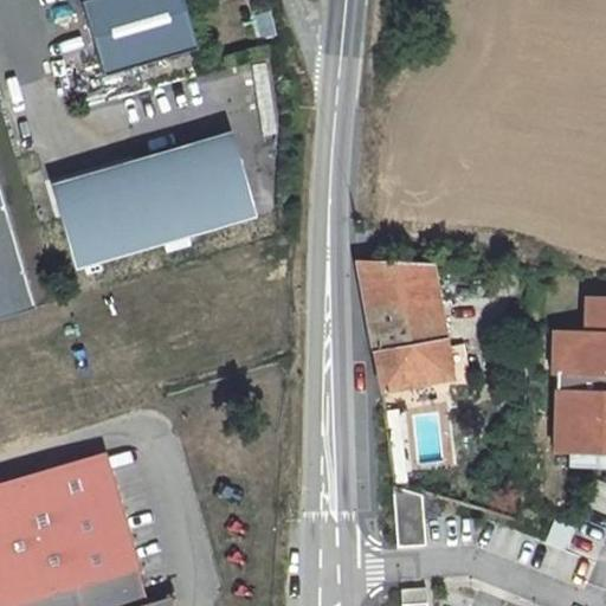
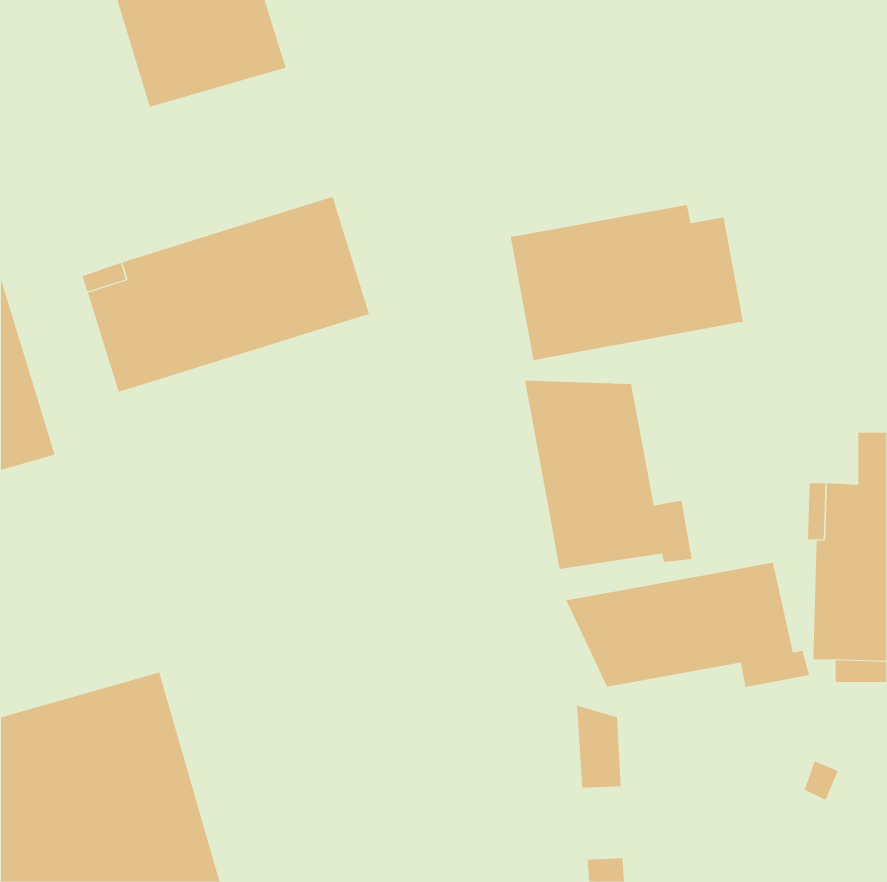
building: none -> [510,204,743,361]
building: none -> [565,562,810,688]

